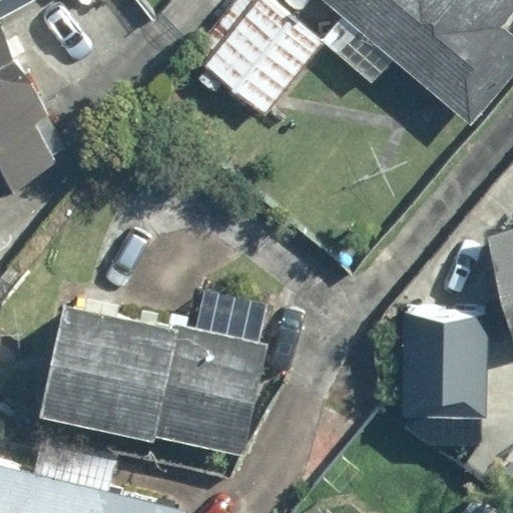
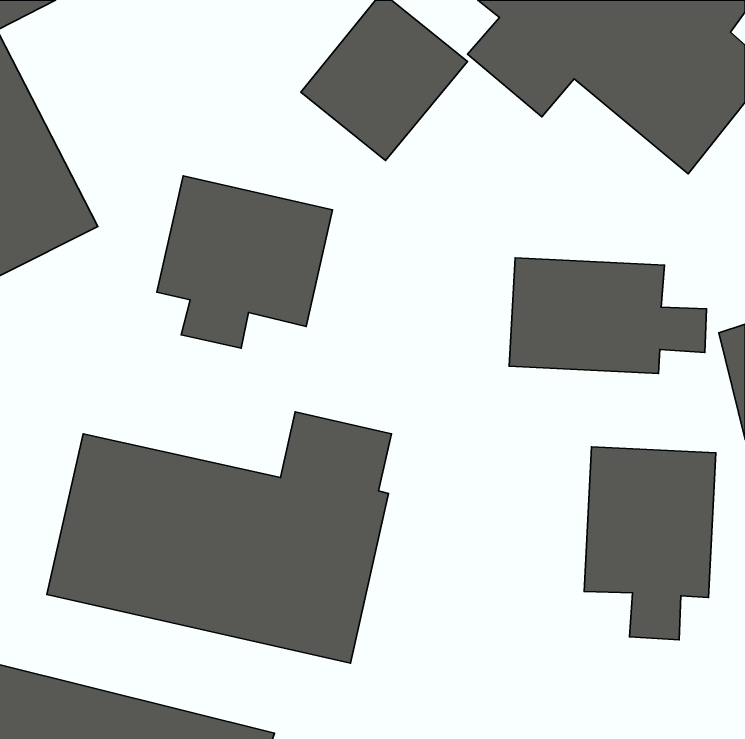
building: none -> [157,176,333,348]
building: none -> [509,258,707,374]

